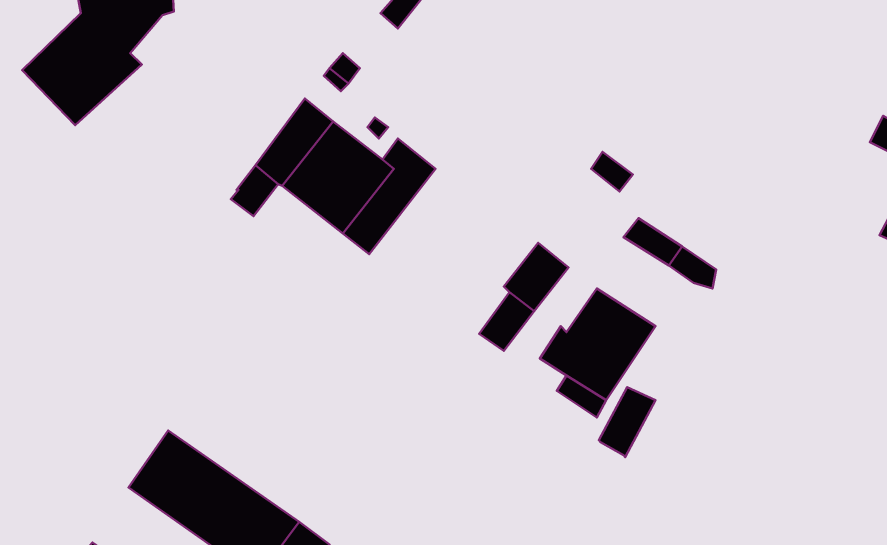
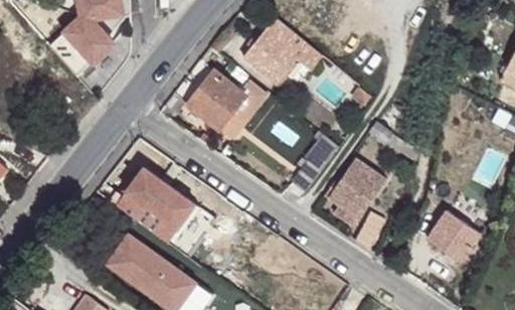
building: none -> [242,17,323,85]
building: none -> [116,168,195,243]
building: none -> [426,210,480,263]

